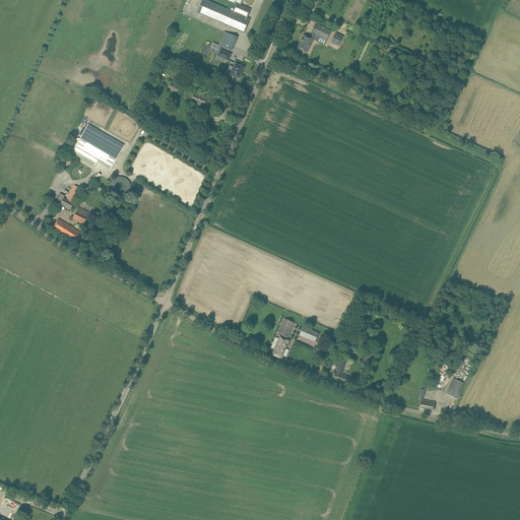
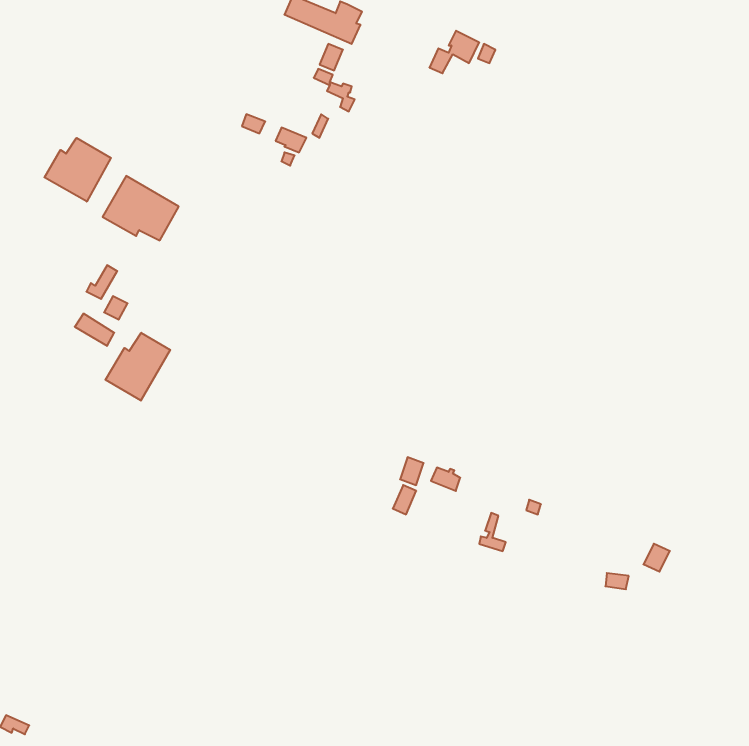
building: none -> [44,138,111,202]
building: none -> [105,333,170,401]

